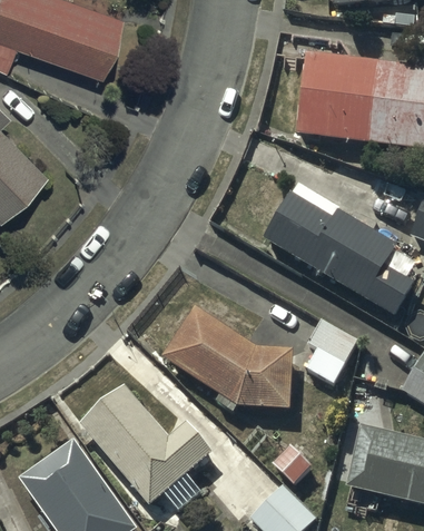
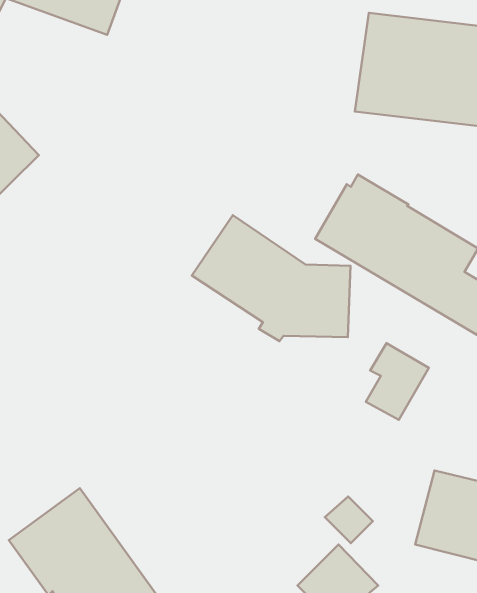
building: [161,307,290,410] -> [192,215,351,341]
building: [80,385,213,510] -> none

